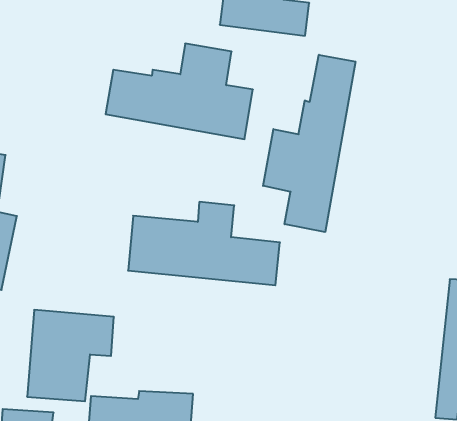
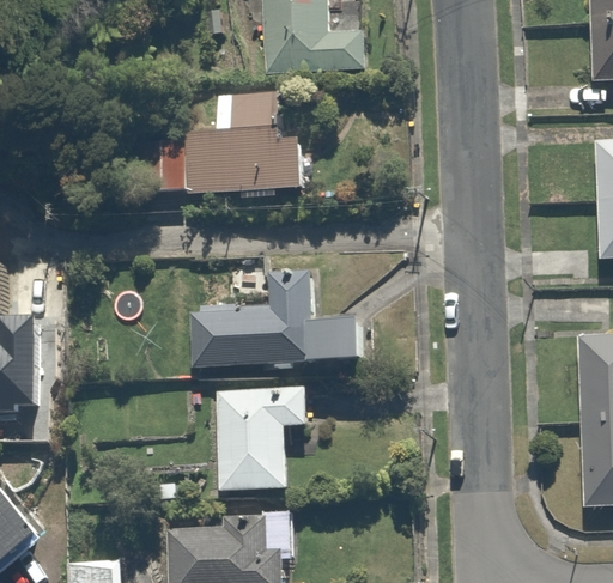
building: [263,55,355,232] -> none
building: [27,310,114,401] -> [216,385,314,493]

